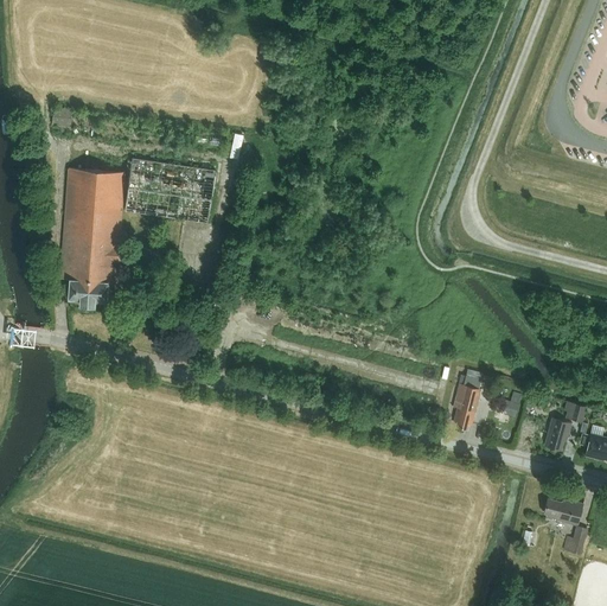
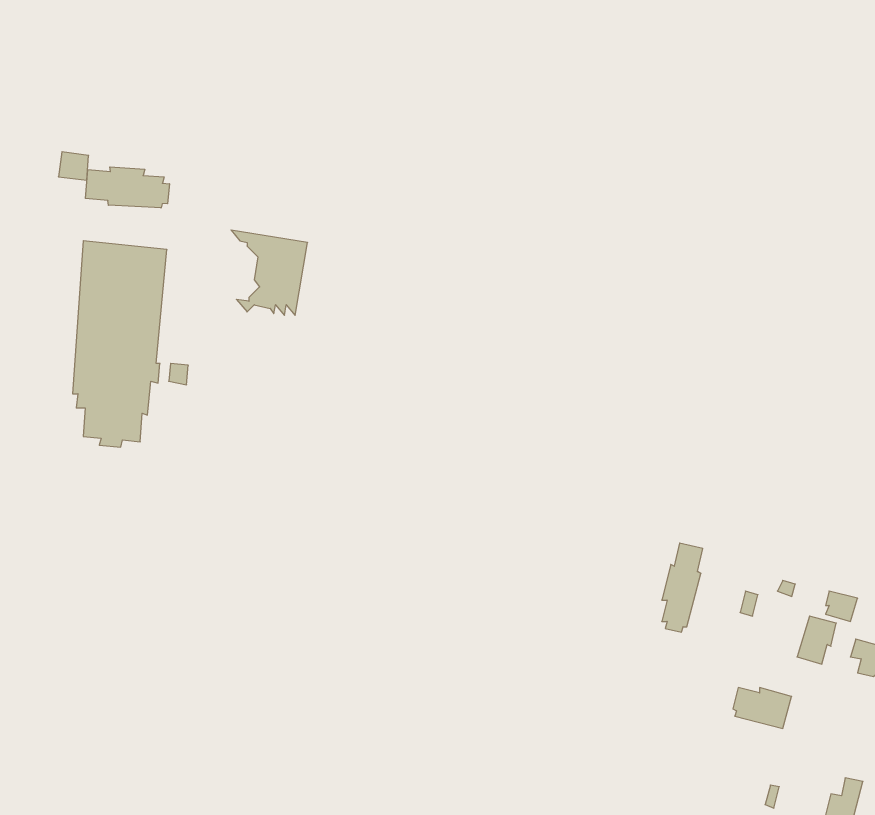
building: none -> [85,167,169,208]
building: [543,498,582,525] -> [733,688,792,728]

